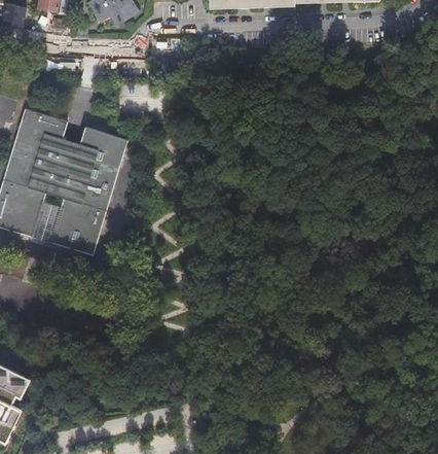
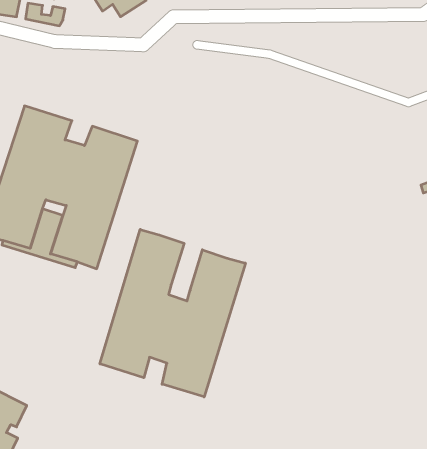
building: none -> [100,229,245,397]

